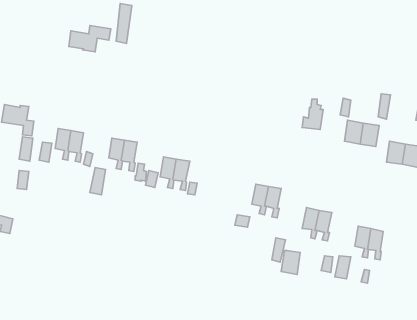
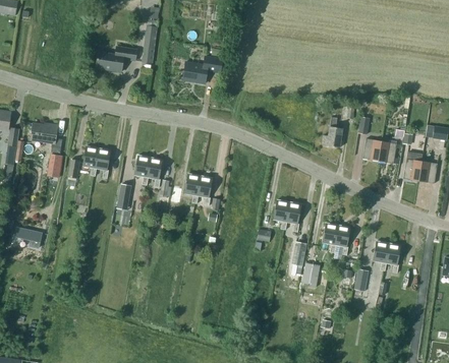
building: none -> [182,57,223,84]

